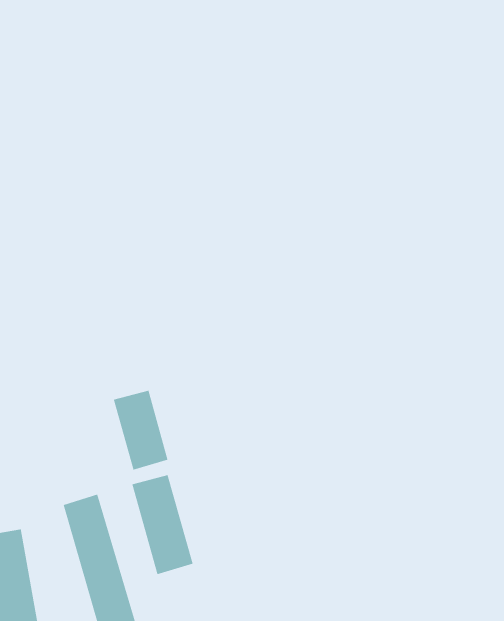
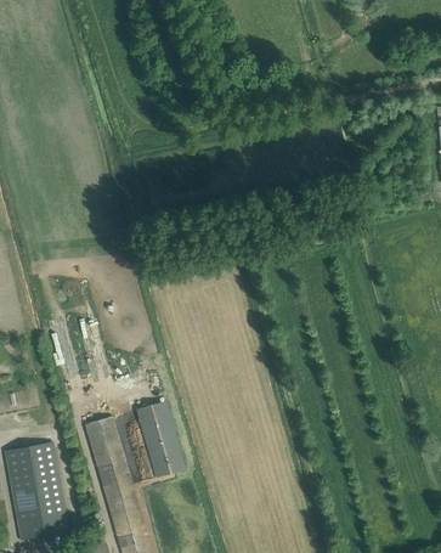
building: [113,390,168,470] -> none

